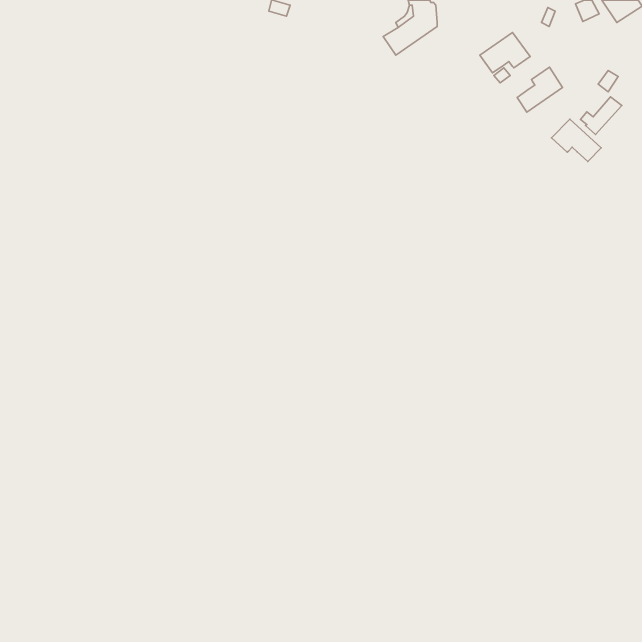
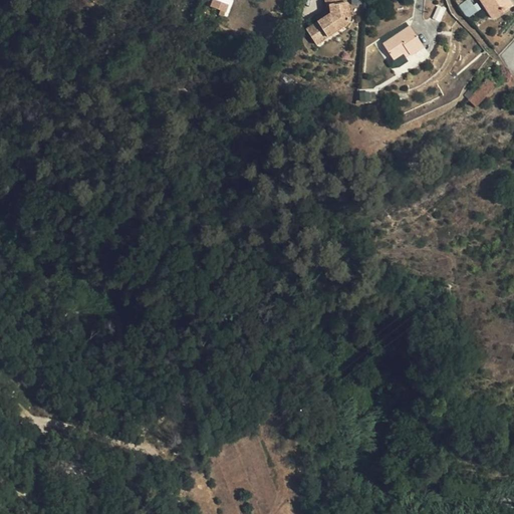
building: [517,67,562,112] -> none
building: [551,119,601,162] -> none

